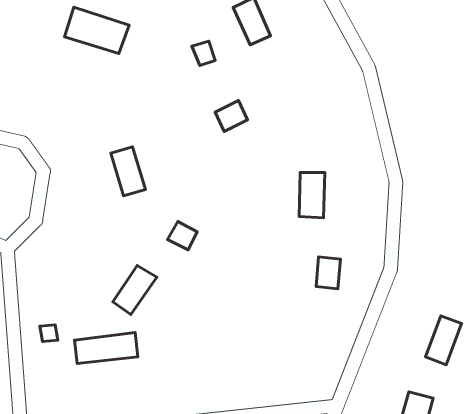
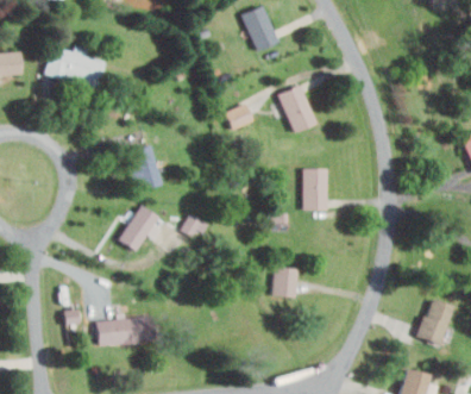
building: [65,7,129,54] -> [45,46,105,89]
building: none -> [280,86,315,131]
building: [316,257,341,289] -> [276,267,299,296]
building: [113,266,157,315] -> [118,206,158,251]

